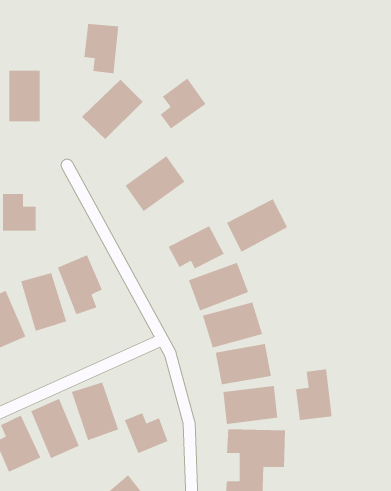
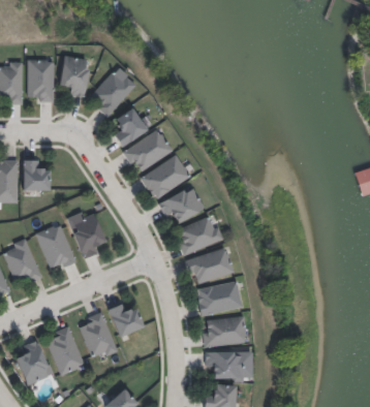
building: [84,23,119,74] -> [60,56,89,97]
building: [159,78,207,130] -> [113,104,151,147]
building: [226,198,288,253] -> [140,155,190,199]
building: [295,369,333,421] -> none
building: [124,412,168,454] -> [107,303,144,337]

